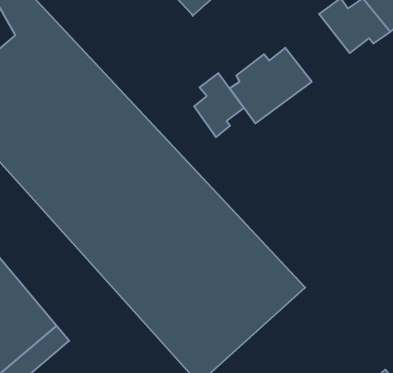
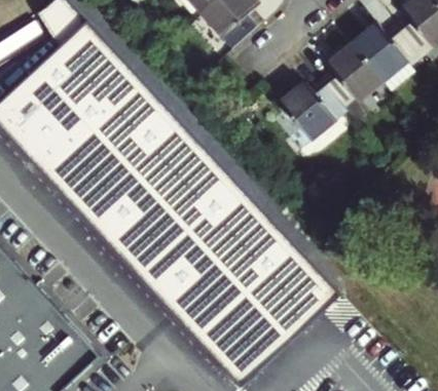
building: none -> [318,38,380,104]
building: [194,73,244,137] -> none

